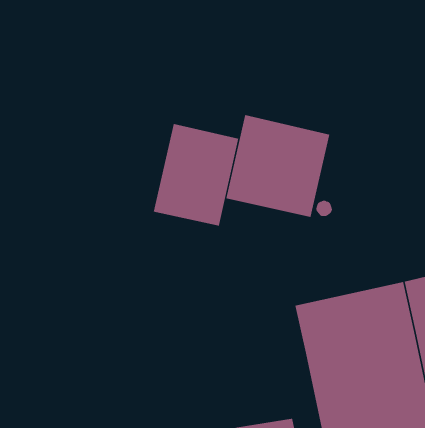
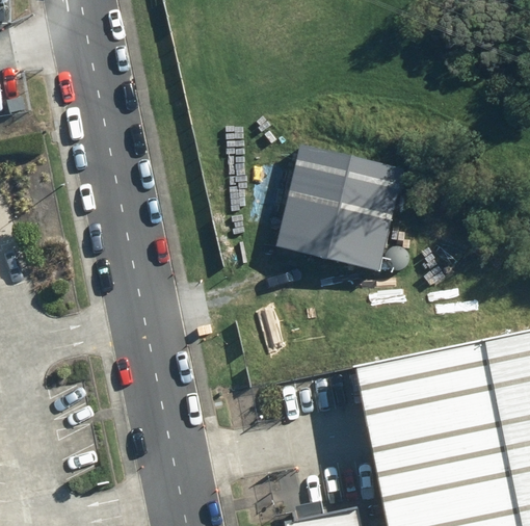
building: [153,123,239,226] -> none

